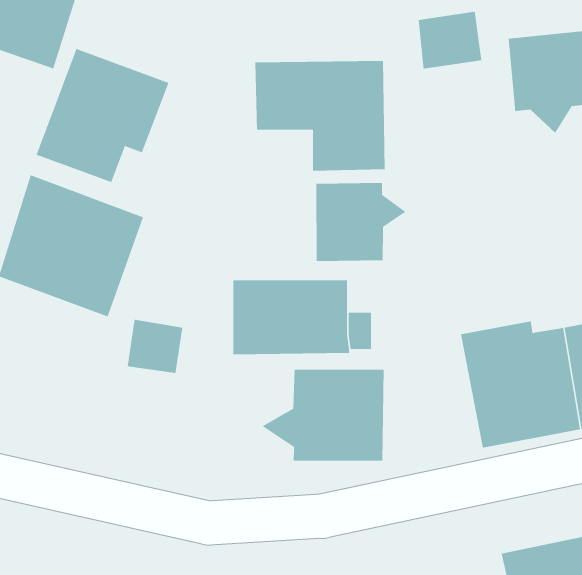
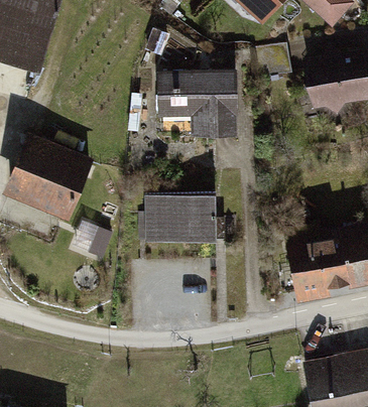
building: [36,48,169,183] -> none
building: [316,182,407,262] -> none
building: [262,369,384,462] -> none

